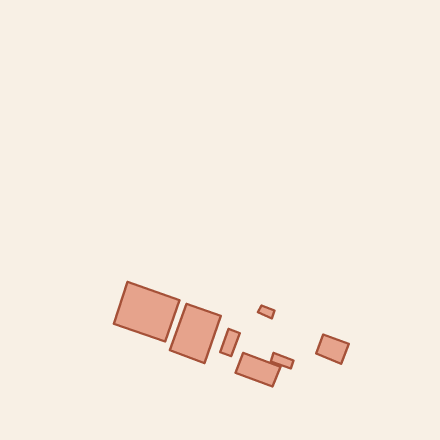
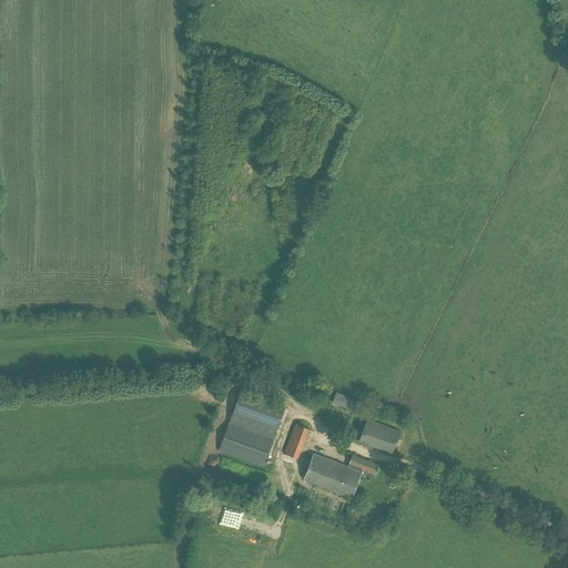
building: [114,282,179,342] -> none
building: [316,334,349,364] -> [357,418,399,456]

